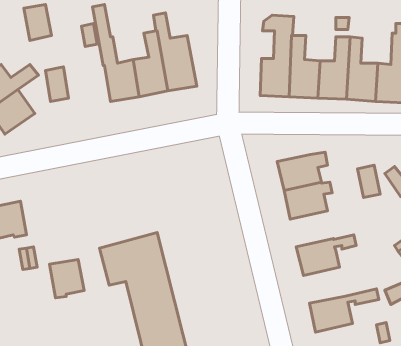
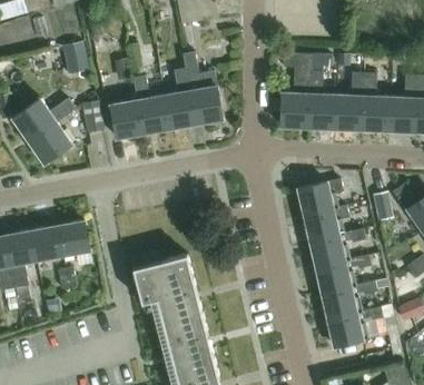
building: none -> [110,99,142,138]
building: none -> [309,230,365,267]
building: [49,259,84,298] -> [59,220,91,256]
building: none -> [322,283,376,319]

